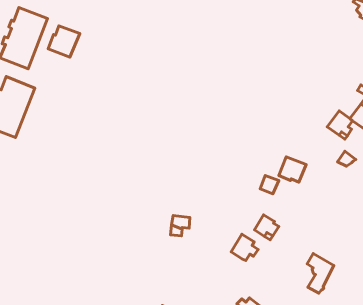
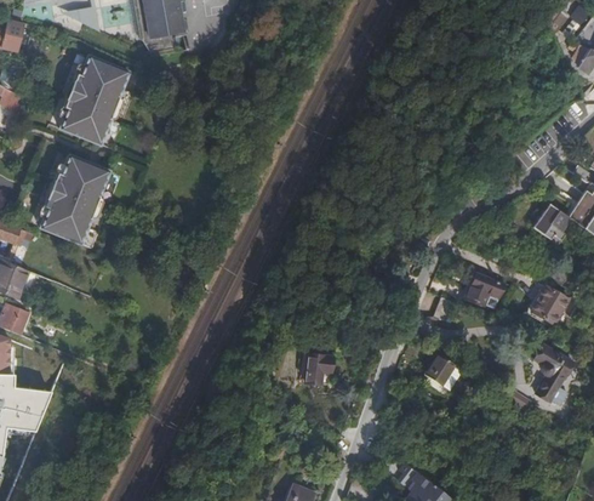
building: [48,26,80,57] -> none
building: none -> [533,286,570,324]
building: [231,234,258,260] -> none
building: [307,254,334,293] -> [536,345,575,402]

